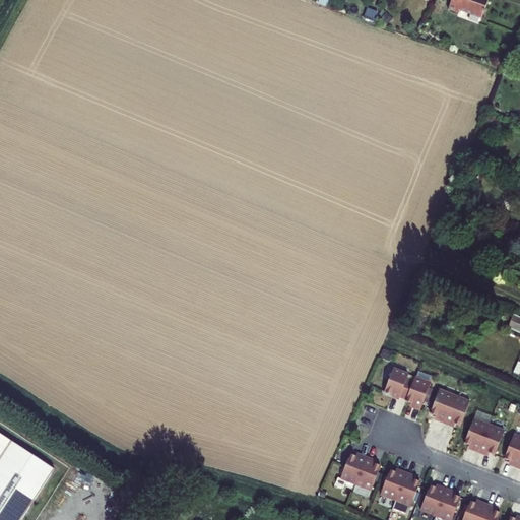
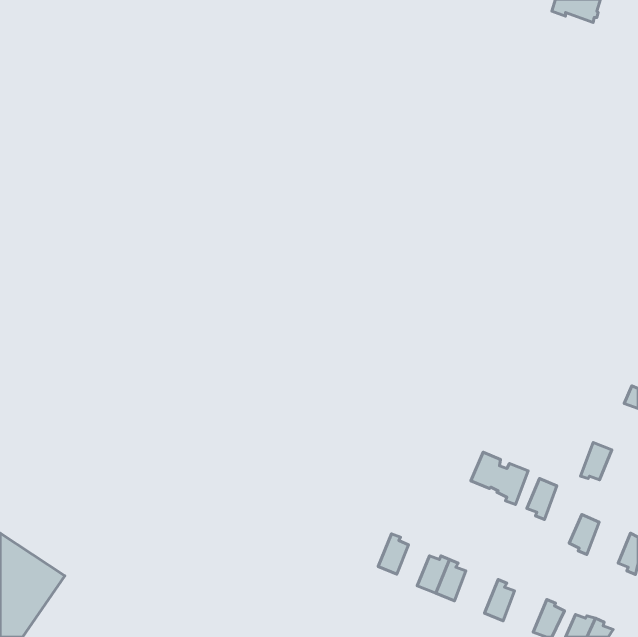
building: [443,395,468,426] -> [581,442,612,480]
building: [477,425,503,454] -> none
building: none -> [378,534,409,574]
building: [379,468,405,499] -> none
building: [418,483,445,514] -> none

